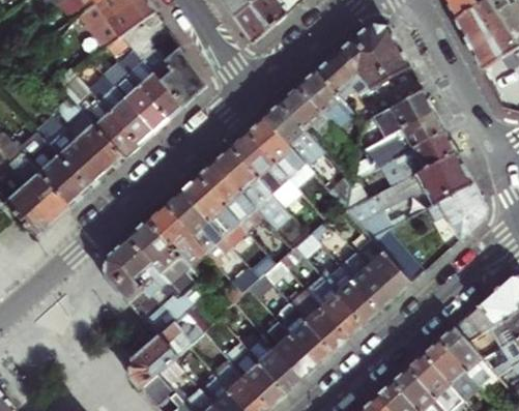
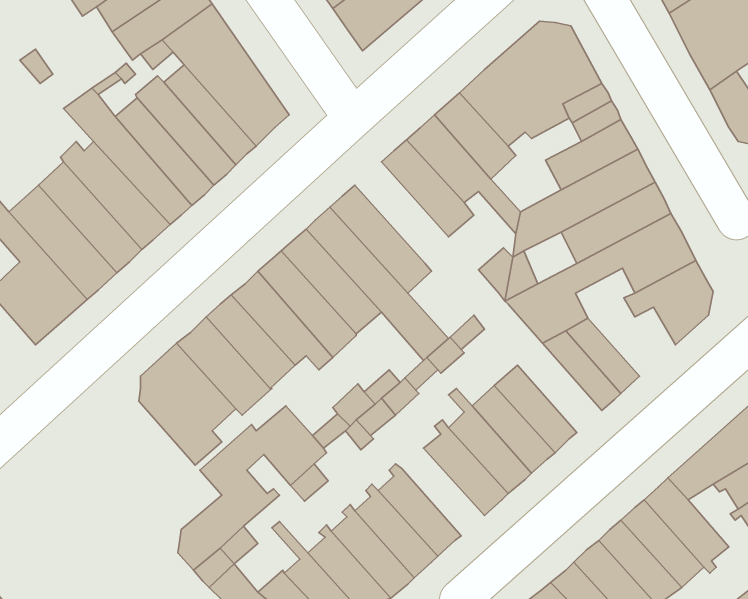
building: [247,117,310,184] -> none
building: [354,237,410,296] -> none
building: [278,301,333,364] -> none

